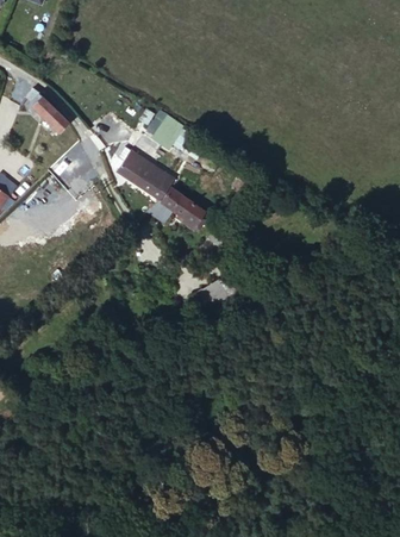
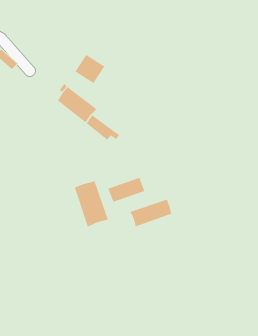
building: none -> [74,181,108,227]
building: none -> [130,199,172,227]

